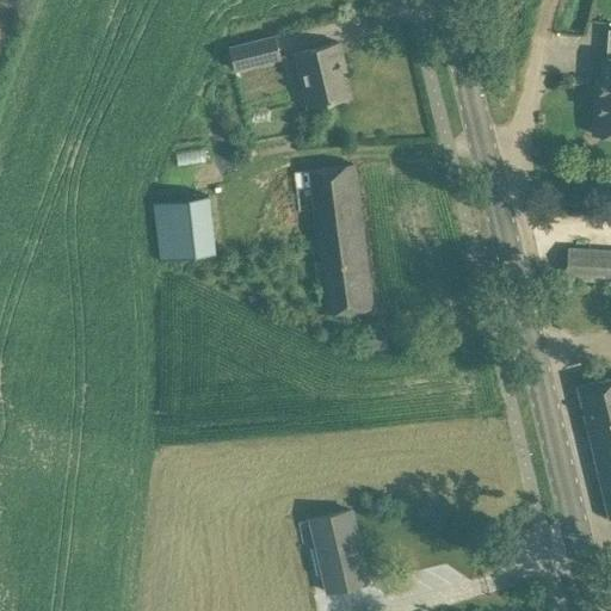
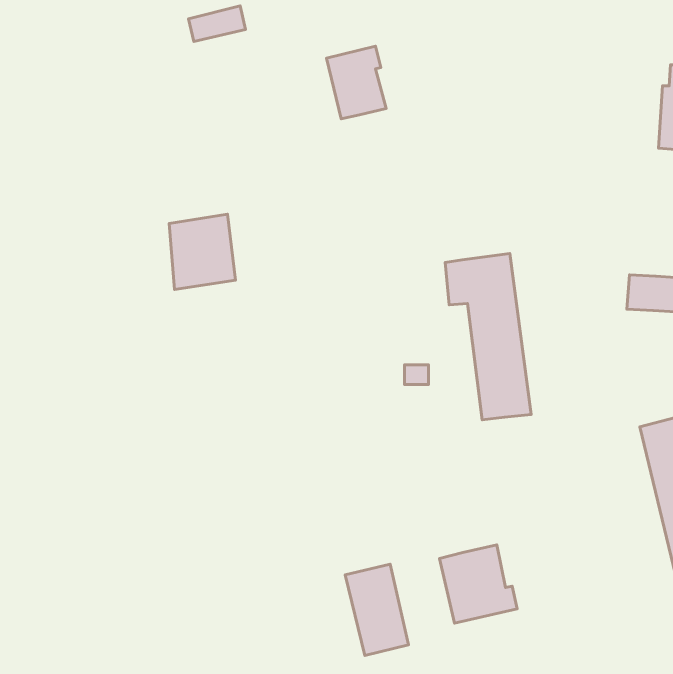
building: [233,37,284,69] -> [189,6,245,41]
building: [296,165,374,315] -> [445,253,531,420]
building: none -> [439,545,517,623]

